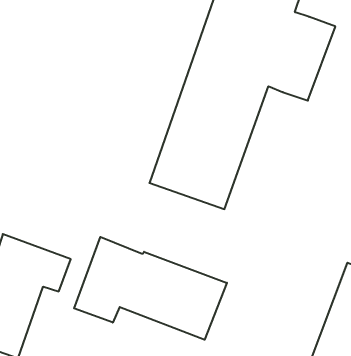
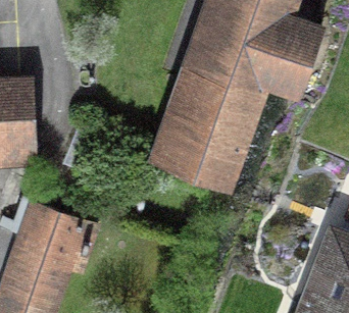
building: [74,237,227,340] -> none

